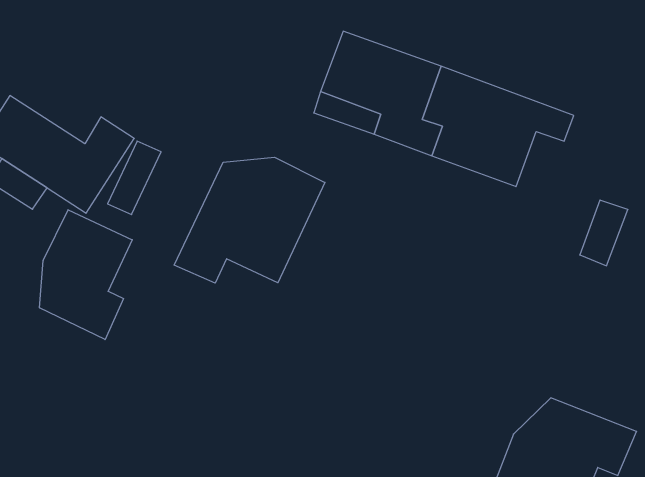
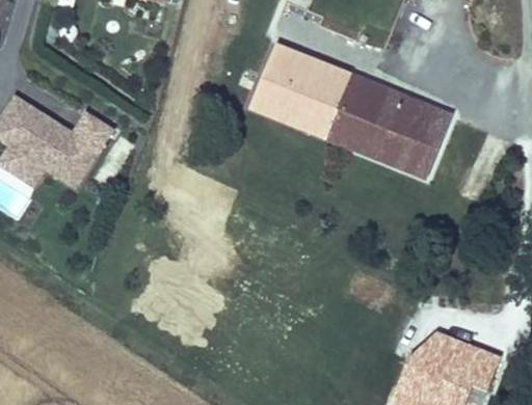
building: [174,157,325,283] -> none
building: [580,200,628,266] -> [408,124,446,174]
building: [40,210,132,340] -> none

